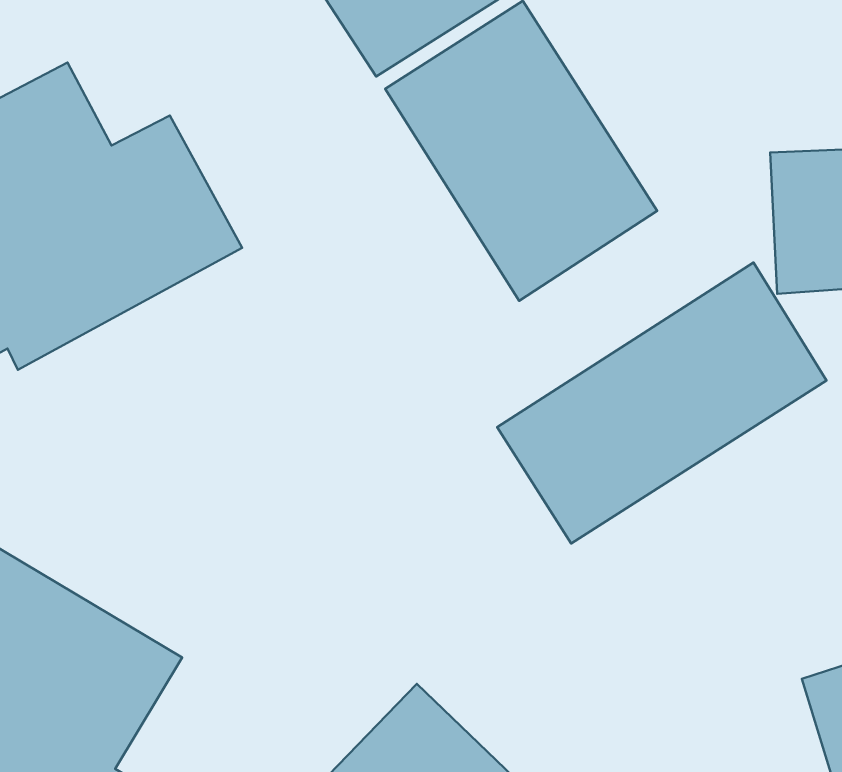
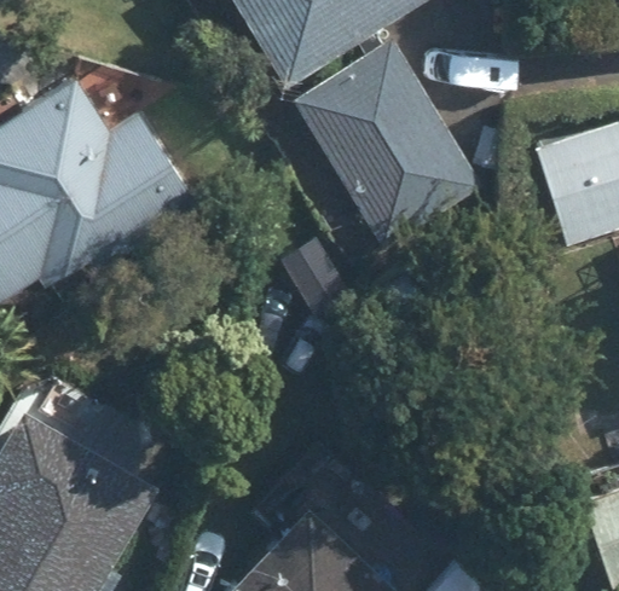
building: [497,263,826,543] -> none

